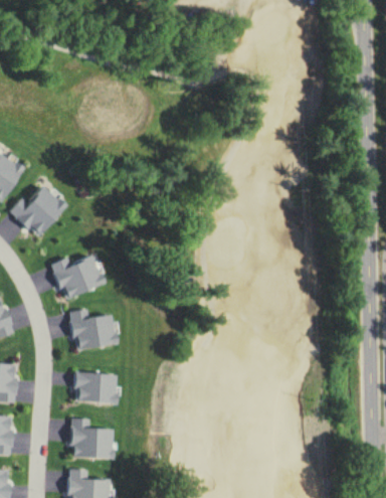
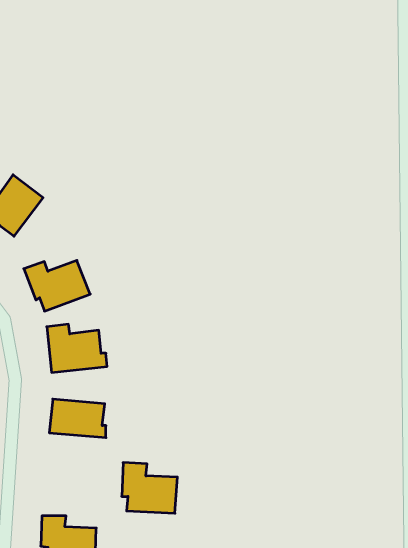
building: [67,417,114,459] -> [122,463,177,513]

